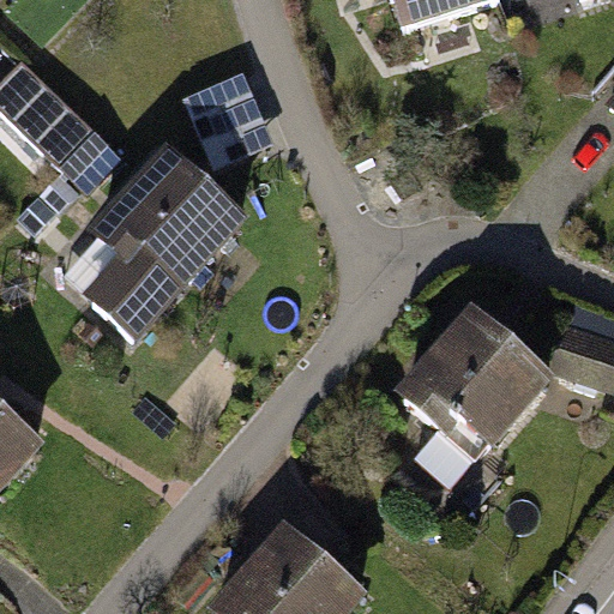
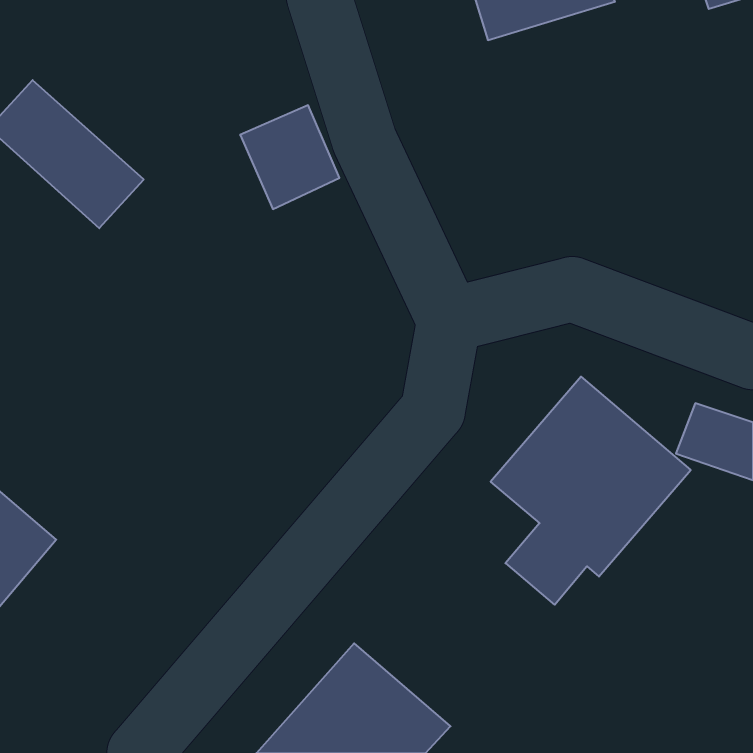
building: [47,144,246,344] -> none

